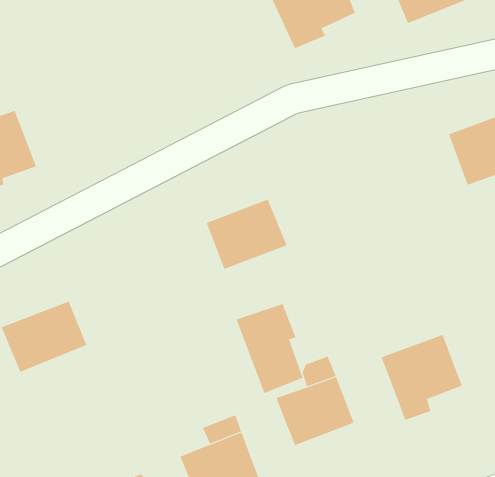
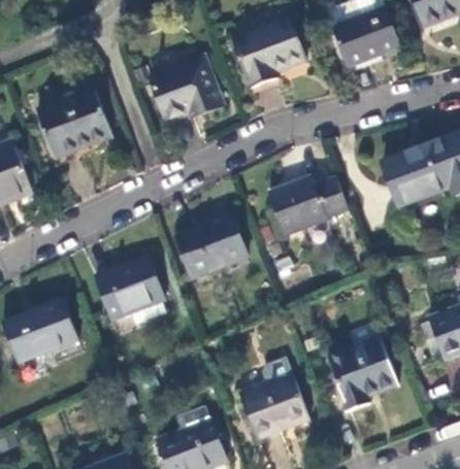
building: none -> [153,60,217,123]
building: none -> [38,90,112,158]
building: none -> [271,179,352,234]
building: none -> [95,261,160,324]
building: [236,303,303,394] -> none

